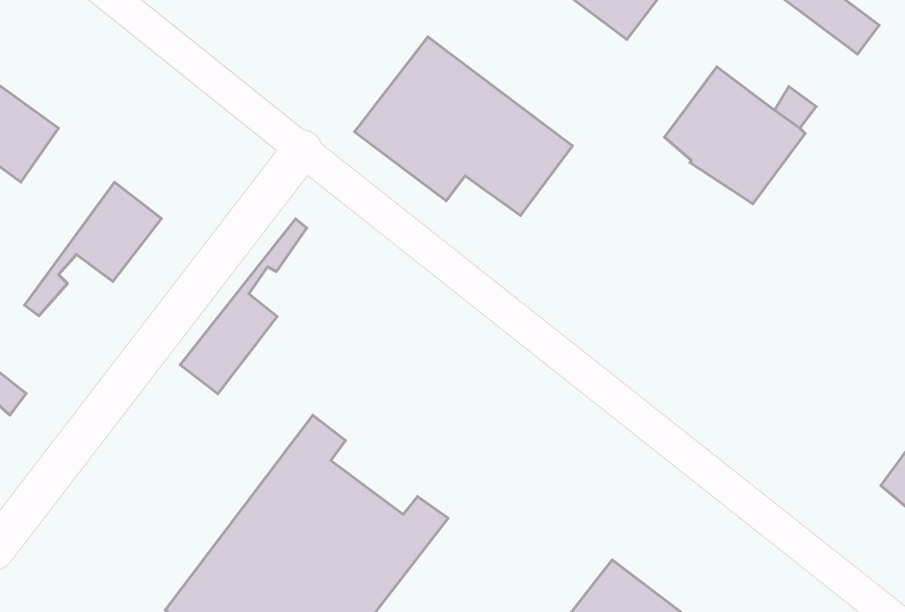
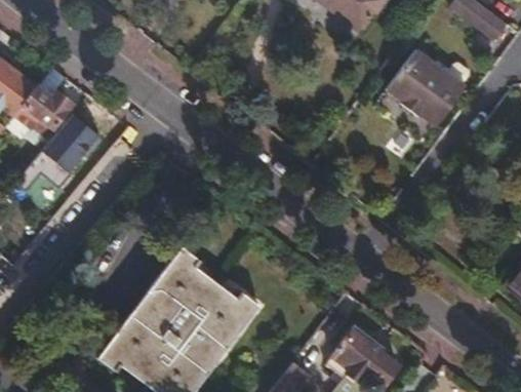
building: [355,37,573,216] -> none
building: none -> [17,82,75,138]
building: [180,219,307,394] -> none

